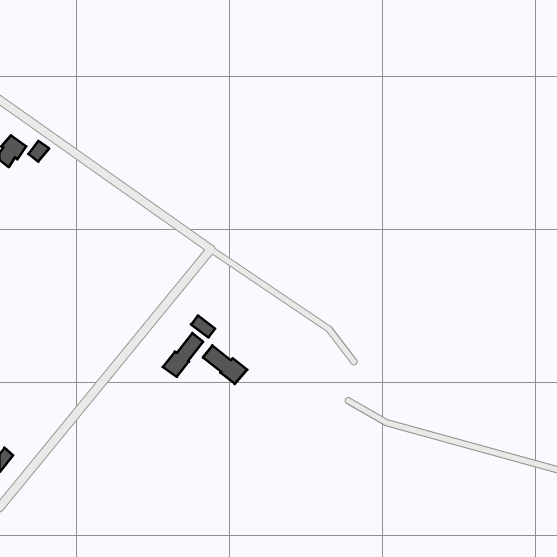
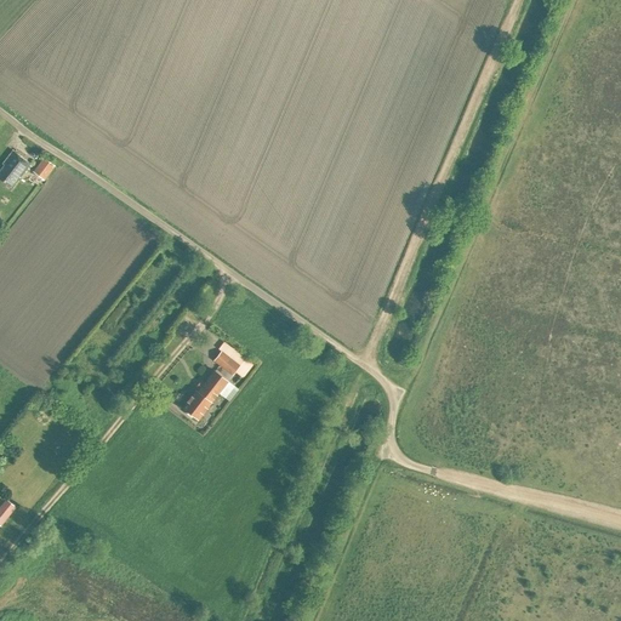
building: [203,345,247,384] -> none

